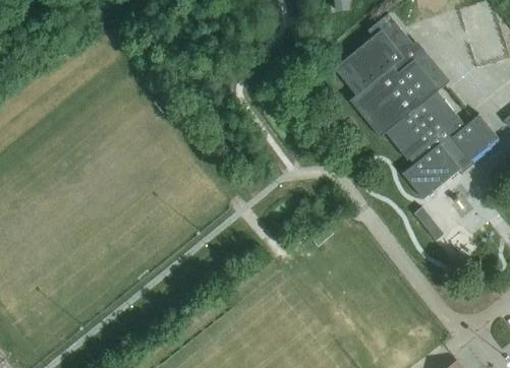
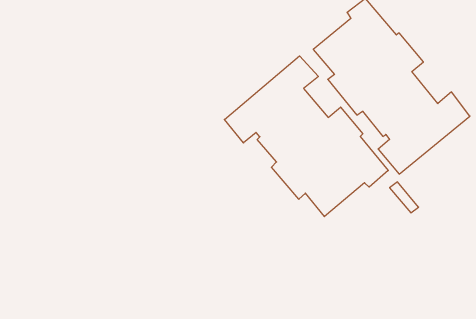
building: none -> [224,56,388,217]

